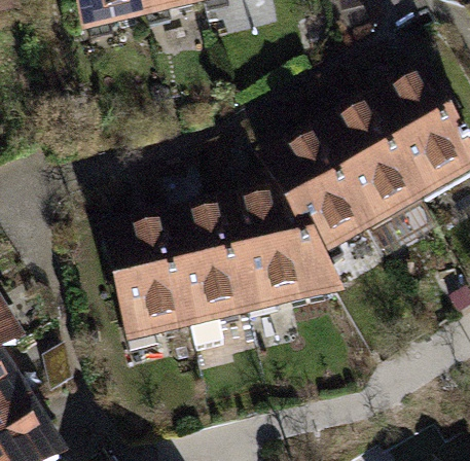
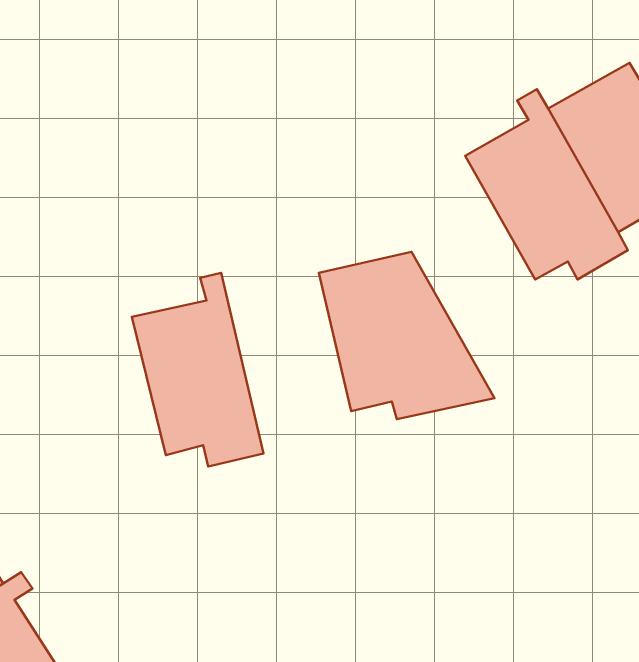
building: [253,127,368,246] -> none
building: [167,199,249,351] -> none

